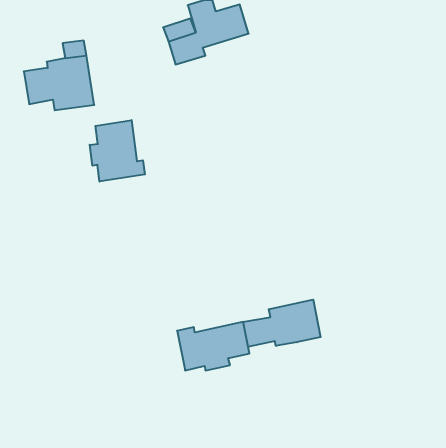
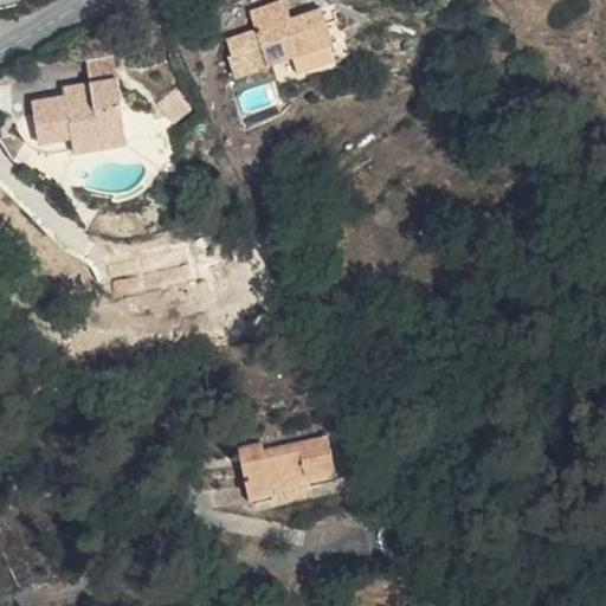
building: [90,120,145,182] -> none
building: [243,300,321,347] -> none

